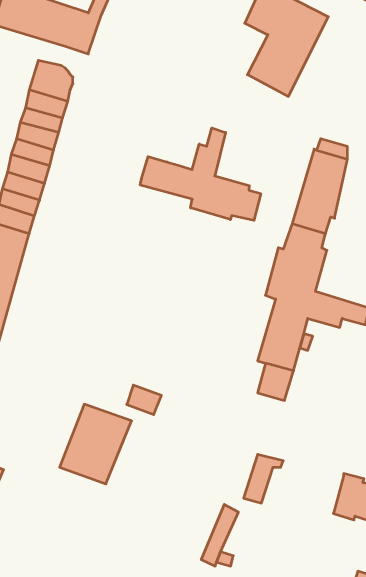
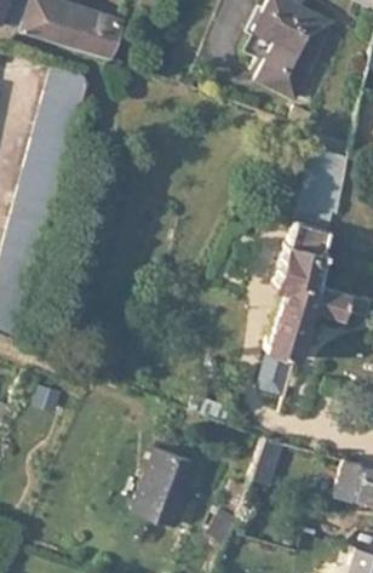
building: [140,128,261,220] -> none
building: [60,404,132,484] -> [131,448,199,523]

